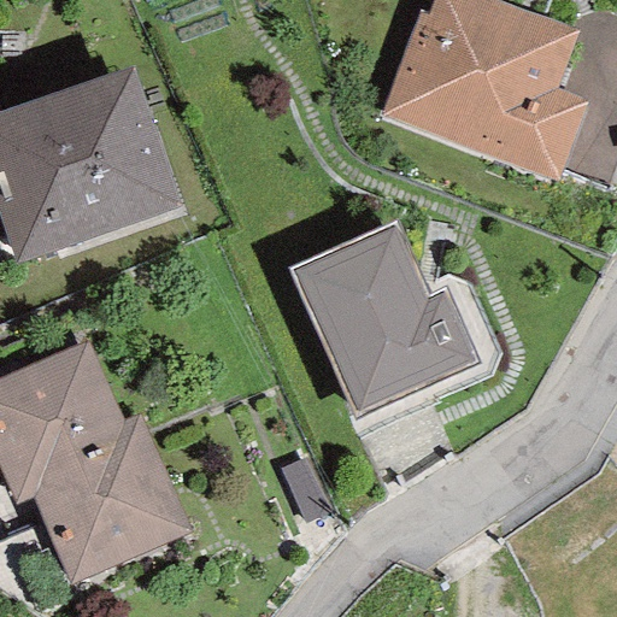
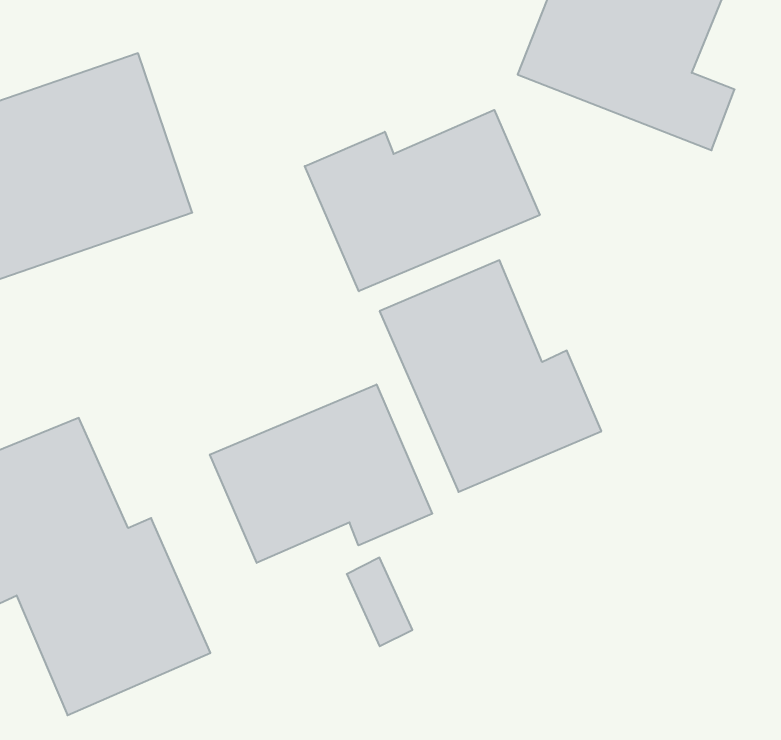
building: none -> [305,110,540,291]
building: none -> [210,384,432,563]

